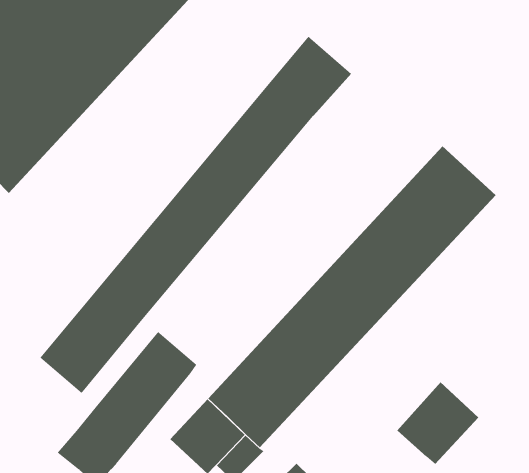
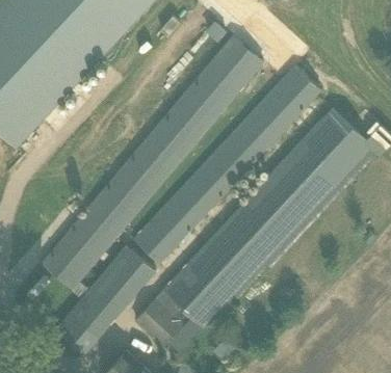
building: none -> [131,66,317,266]
building: [396,382,479,465] -> none

